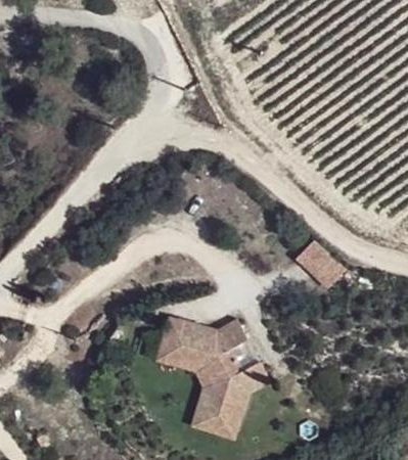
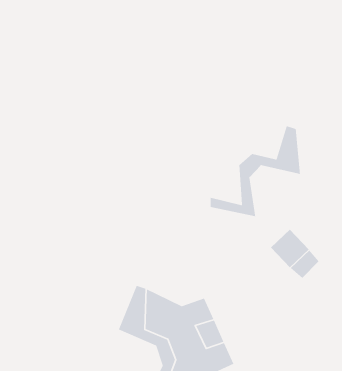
building: none -> [210,125,301,217]

